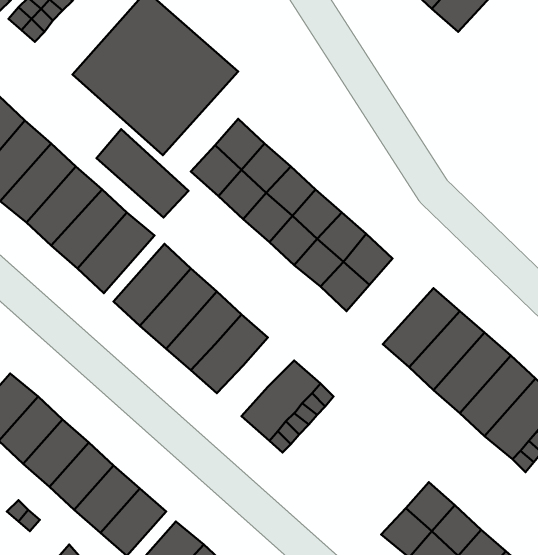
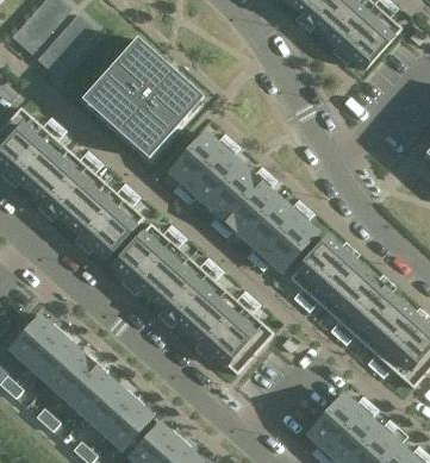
building: [96,129,189,218] -> none
building: none -> [289,237,345,295]
building: none -> [188,290,244,348]

